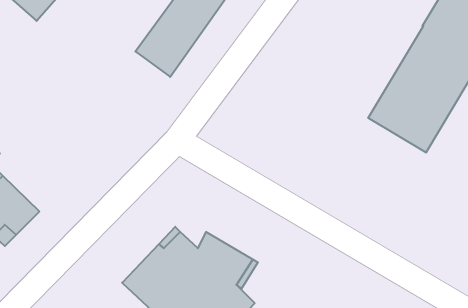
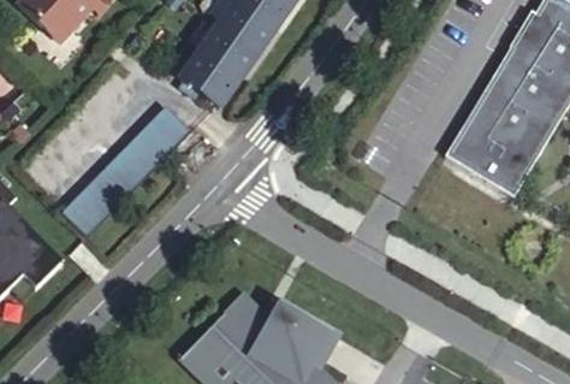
building: none -> [66,116,189,237]

